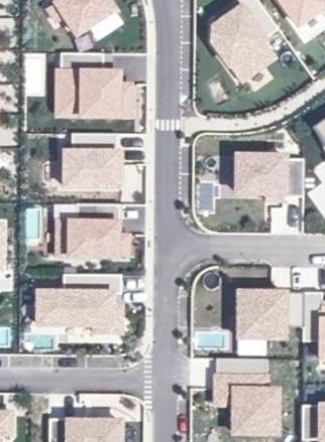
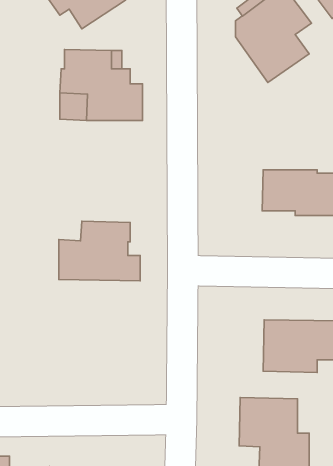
building: [64,133,122,186] -> none
building: [36,274,121,332] -> none

